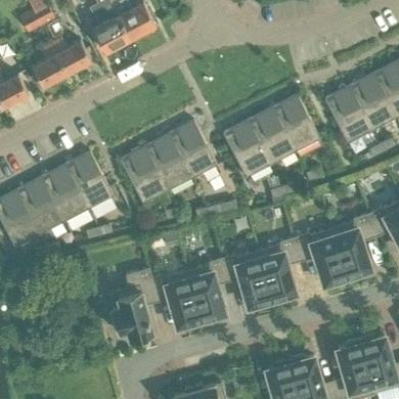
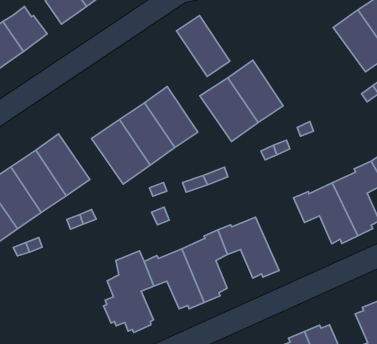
building: [323,87,374,145] -> none
building: [273,96,318,152] -> [177,16,230,77]
building: [258,237,302,302] -> none

